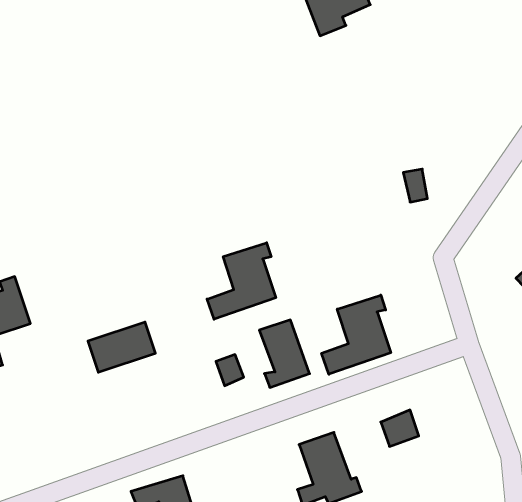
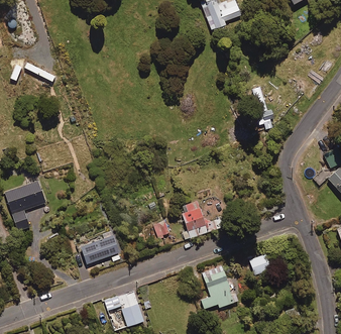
building: [207,243,276,319] -> none
building: [322,295,391,374] -> none
building: [88,322,155,372] -> [80,234,119,263]

